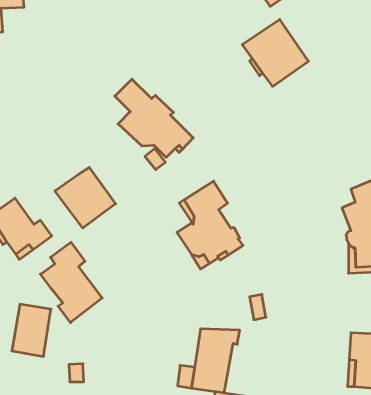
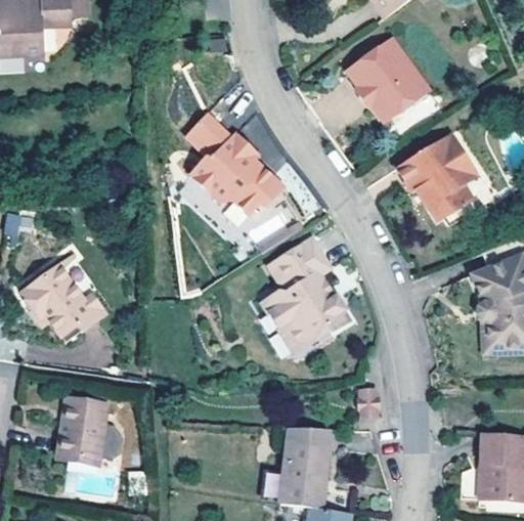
building: none -> [395,134,474,220]
building: [55,167,116,228] -> none
building: [40,242,102,323] -> none

